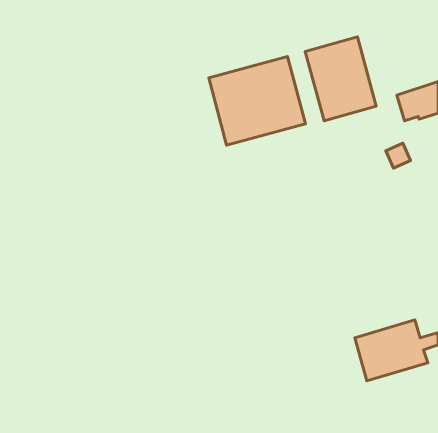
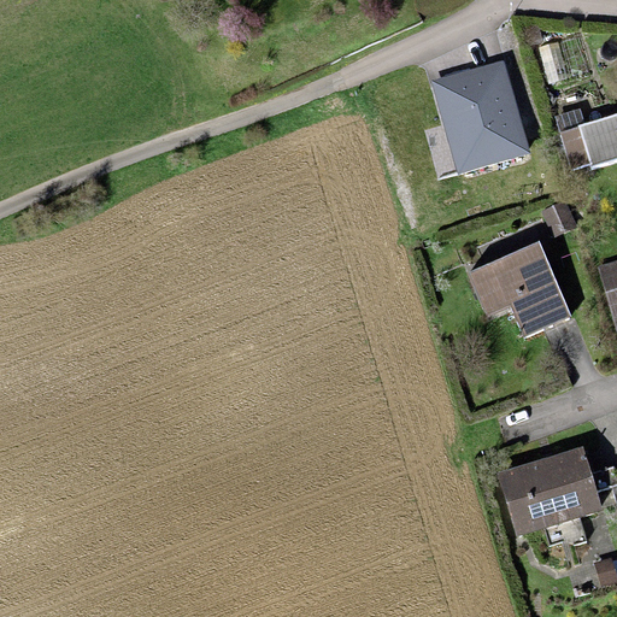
building: [209,57,305,145] -> none
building: none -> [469,242,569,335]

